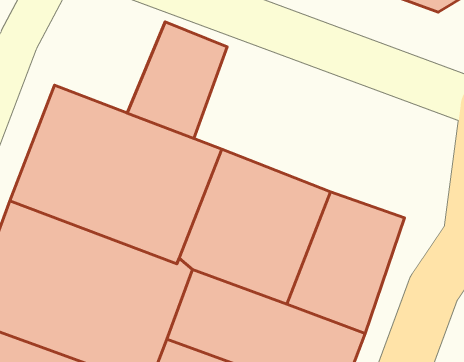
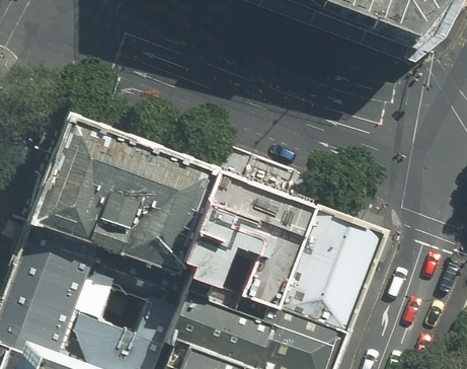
building: [127,22,227,139] -> none

